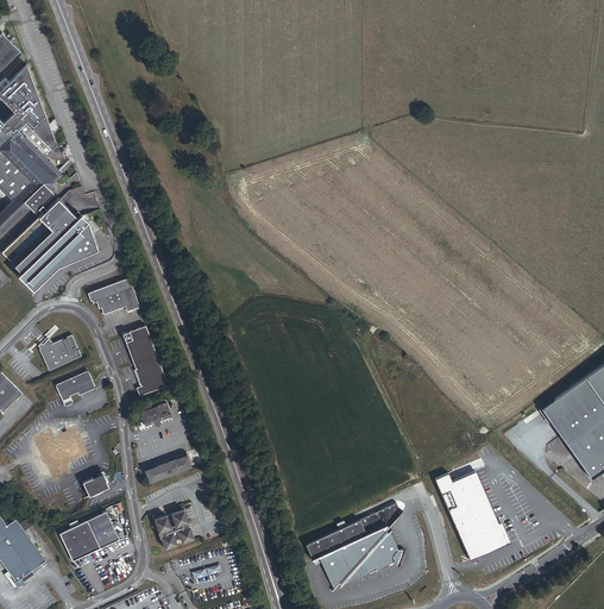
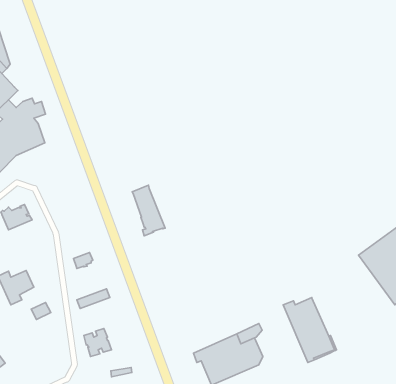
building: [88,278,140,314] -> none
building: [122,326,169,397] -> [132,185,165,236]
building: [55,371,96,408] -> none
building: [58,513,118,561] -> none

